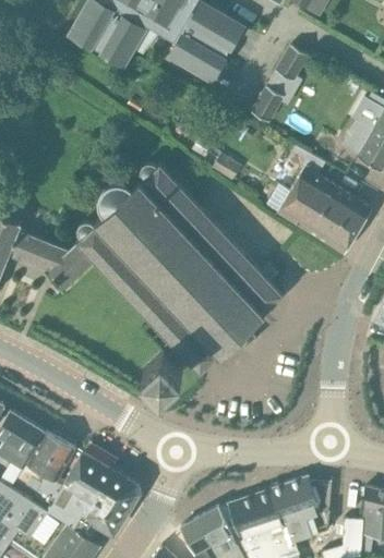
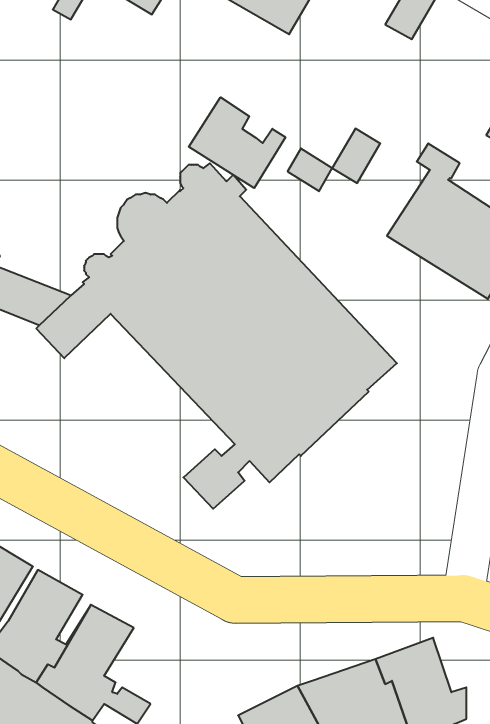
building: [252,87,284,123] -> [332,129,380,183]
building: none -> [189,97,285,188]
building: [91,470,140,520] -> none

